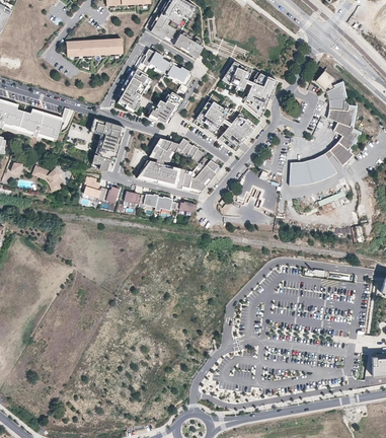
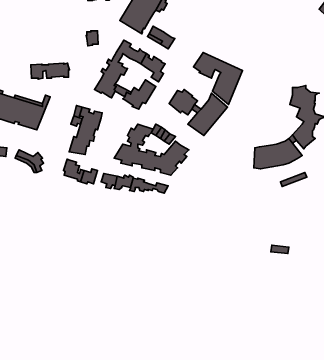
building: [65,40,106,57] -> [31,63,69,79]
building: [314,69,346,99] -> none

